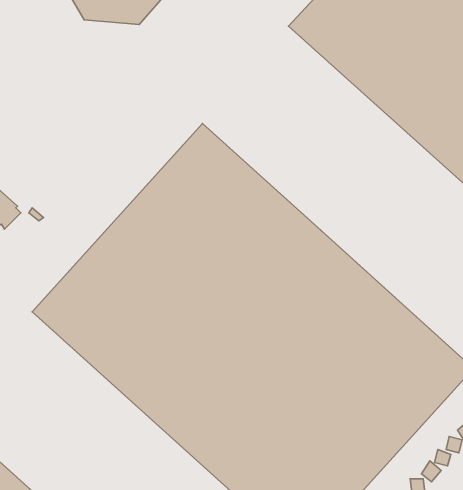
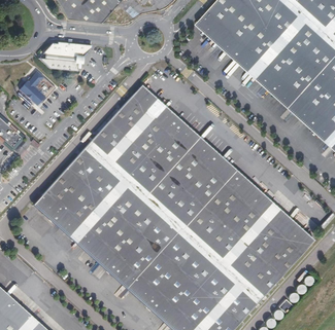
building: none -> [38,41,91,70]
building: none -> [19,70,56,105]

